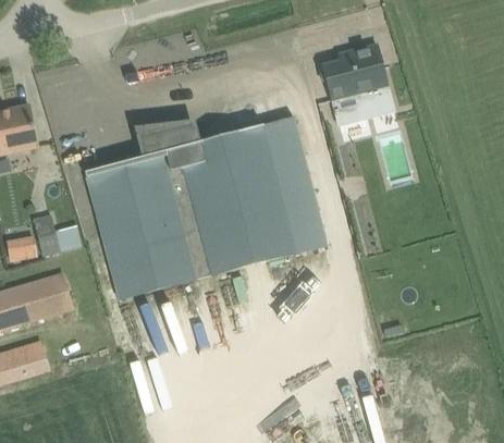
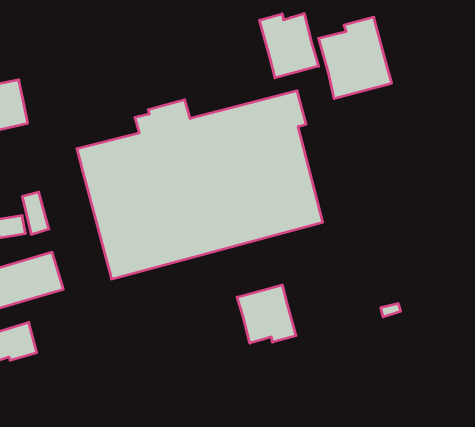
building: none -> [260,13,319,78]
building: none -> [237,285,296,343]

